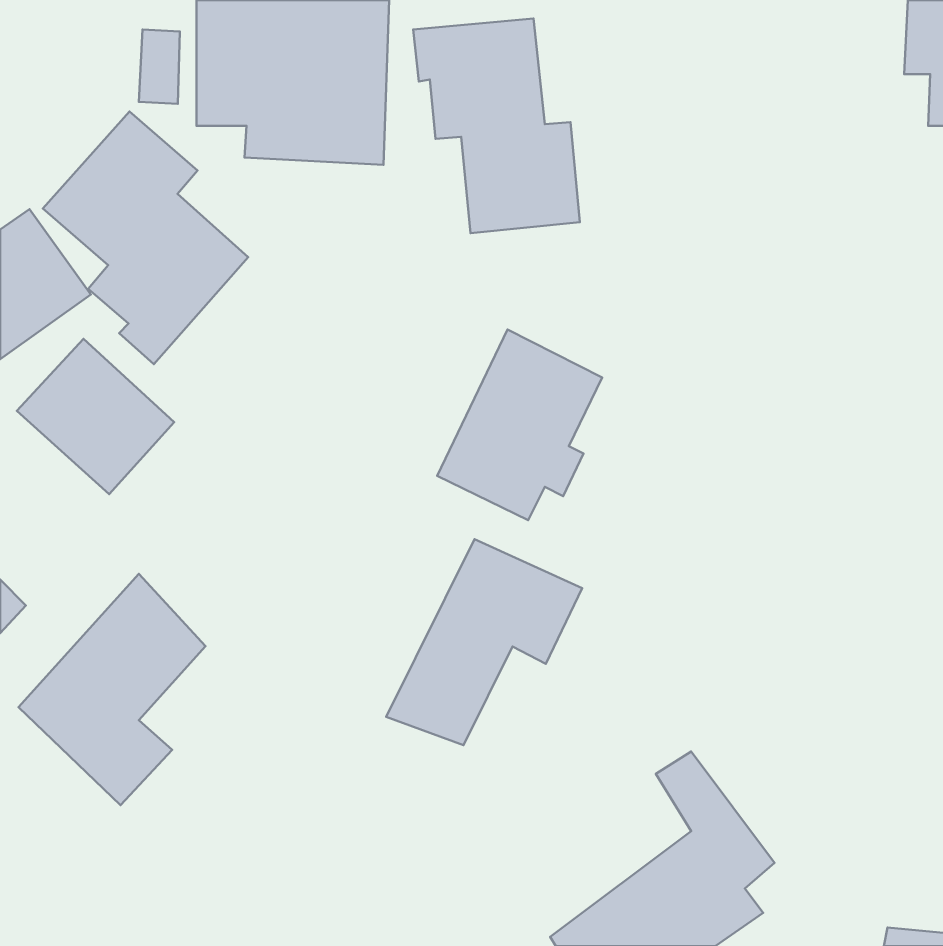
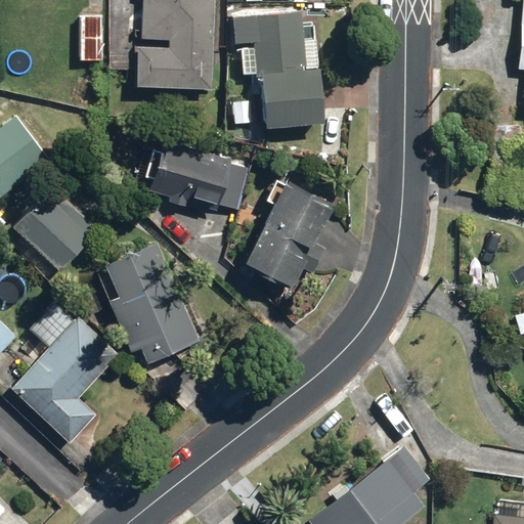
building: [43,112,248,364] -> none
building: none -> [147,141,250,210]
building: none -> [105,241,203,363]
building: [386,539,582,745] -> none

